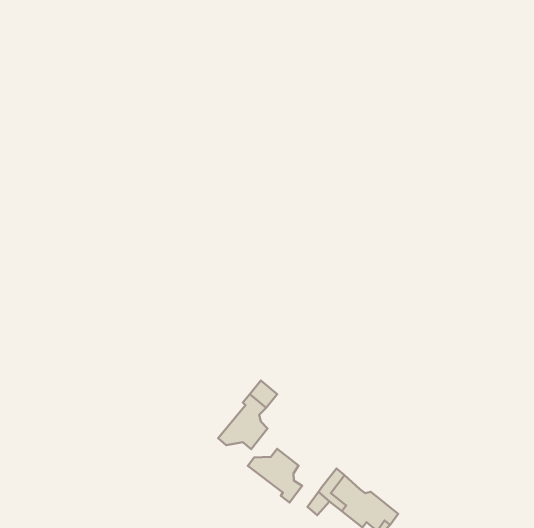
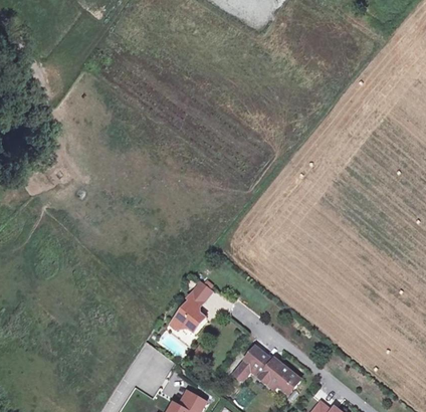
building: [248,449,302,502] -> none

